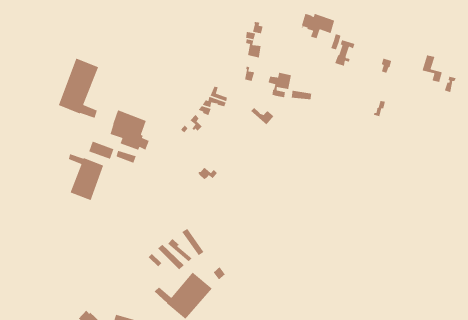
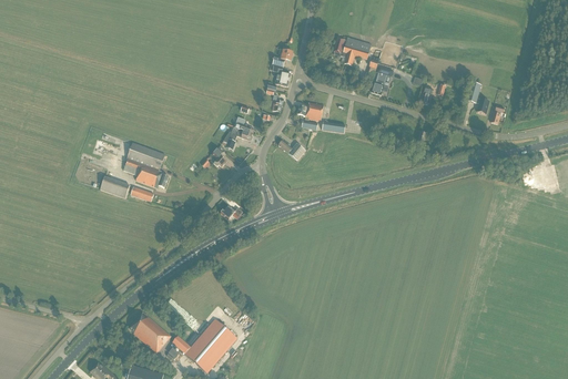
building: [58,58,99,119] -> none
building: [68,153,104,201] -> none
building: none -> [130,311,171,352]

